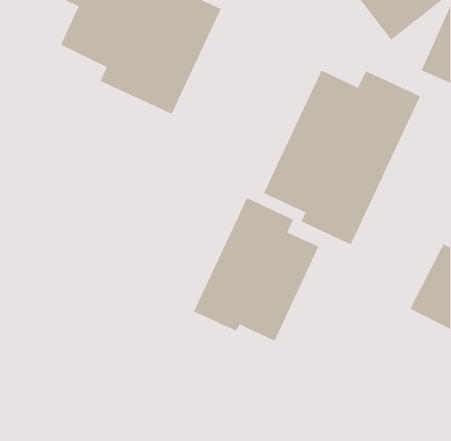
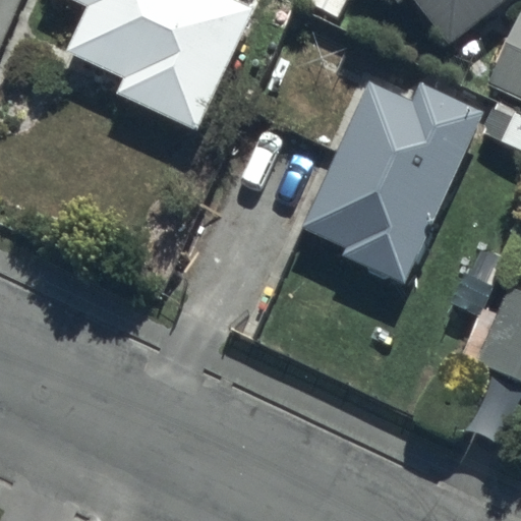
building: [193,197,319,342] -> none

